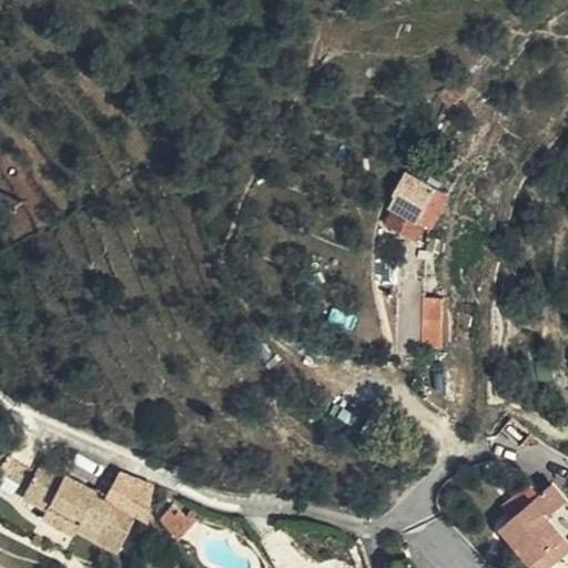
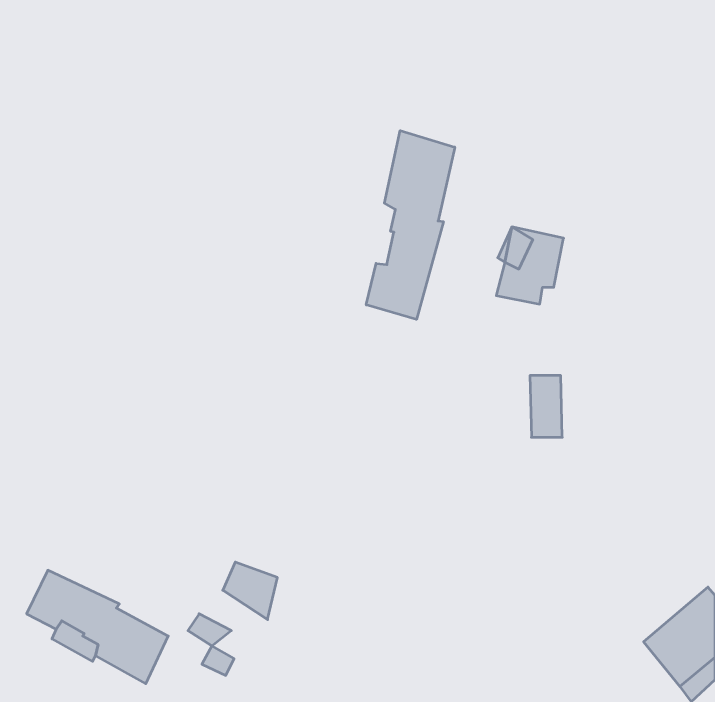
building: none -> [366,131,455,319]
building: [108,471,151,517] -> [223,562,277,620]

